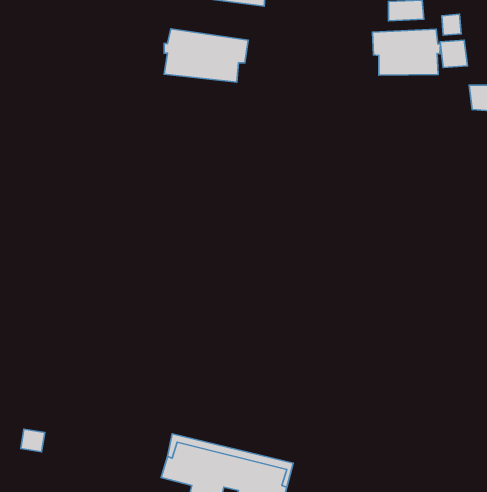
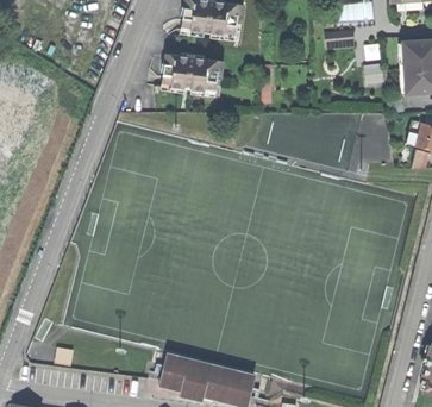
building: [372,29,440,75] -> none

